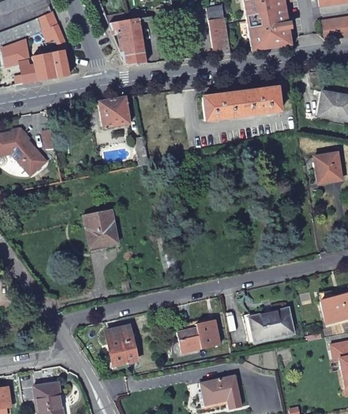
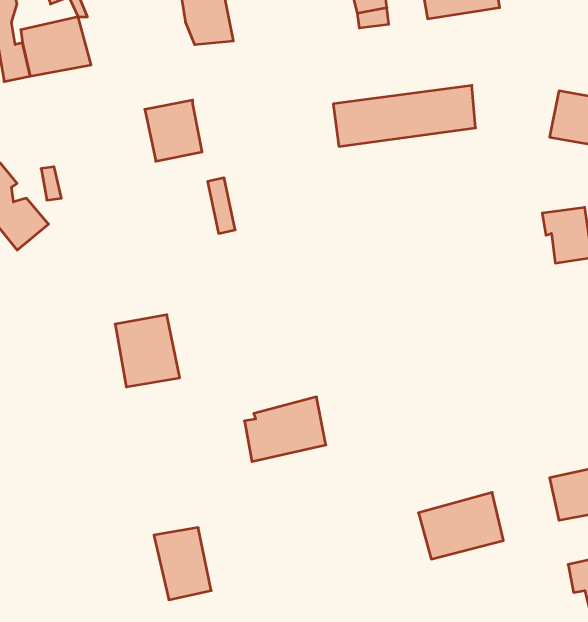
building: [174,318,218,353] -> [244,397,326,462]

